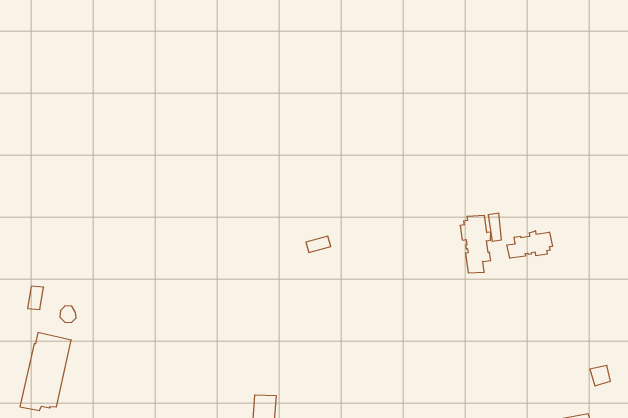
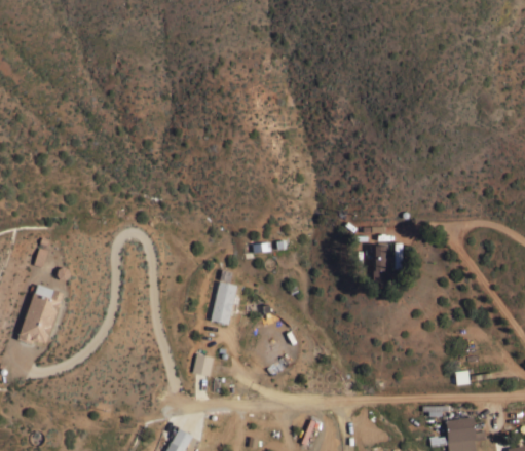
building: [507,231,552,258] -> none
building: none -> [211,281,237,325]

